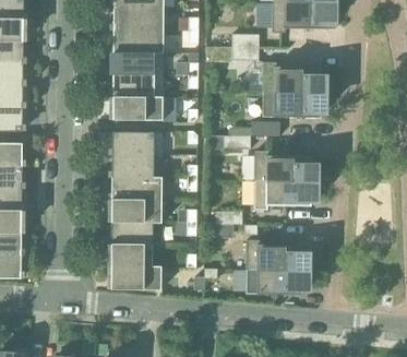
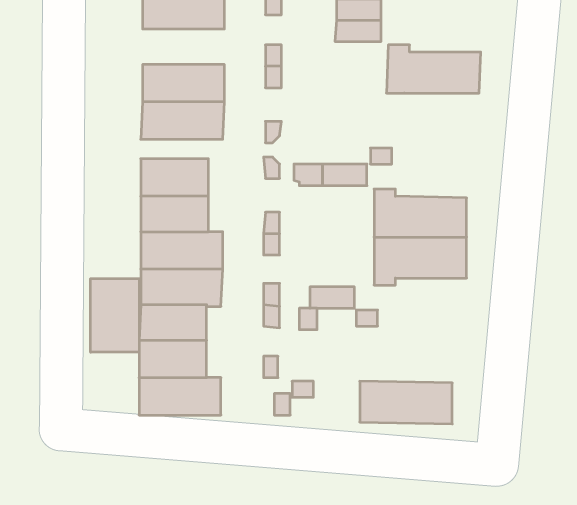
building: [112,52,163,74] -> none
building: [273,92,319,117] -> none
building: none -> [91,279,139,352]
building: [246,239,302,270] -> none

